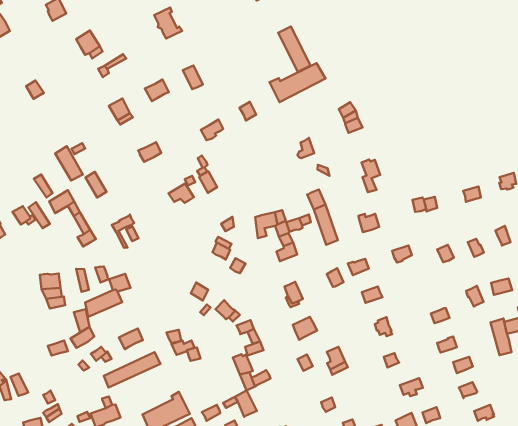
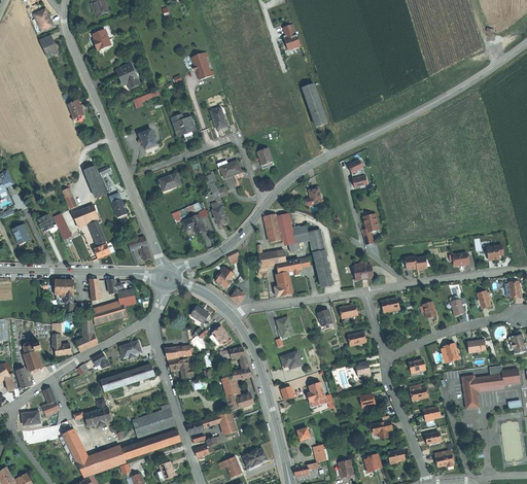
building: [270,63,325,102] -> none
building: none -> [264,213,294,245]
building: none -> [23,342,42,372]

